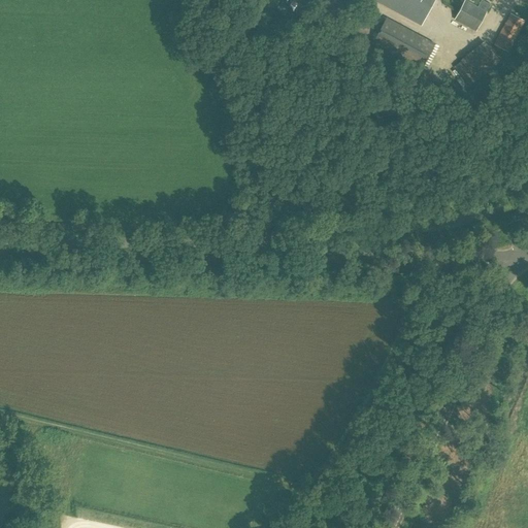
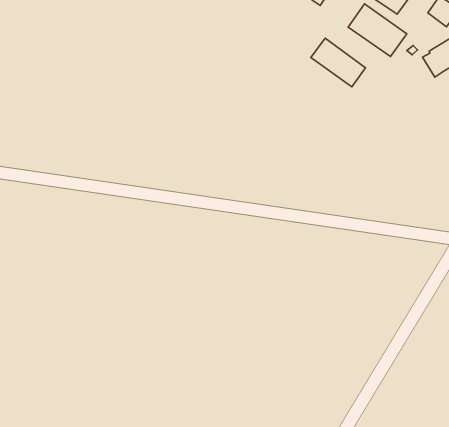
building: none -> [311,38,365,87]

